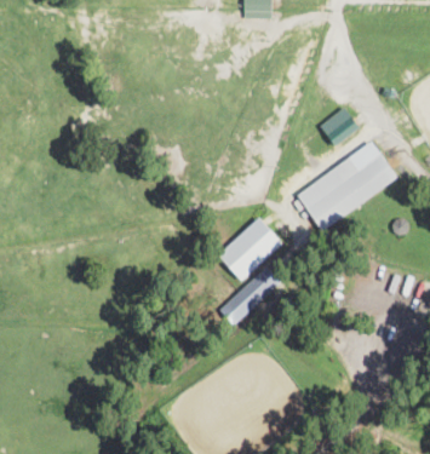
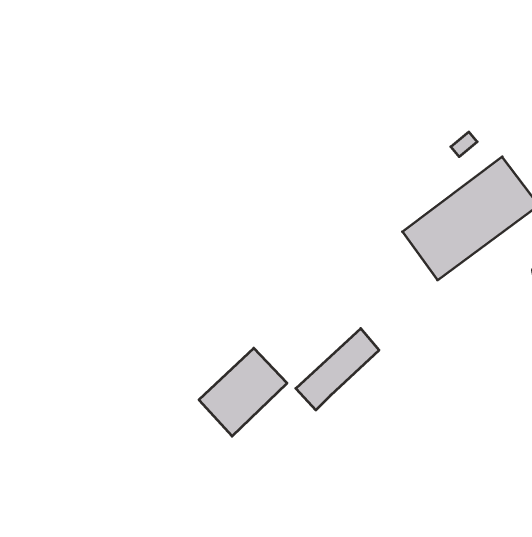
building: [217,217,281,281] -> [199,348,287,436]

